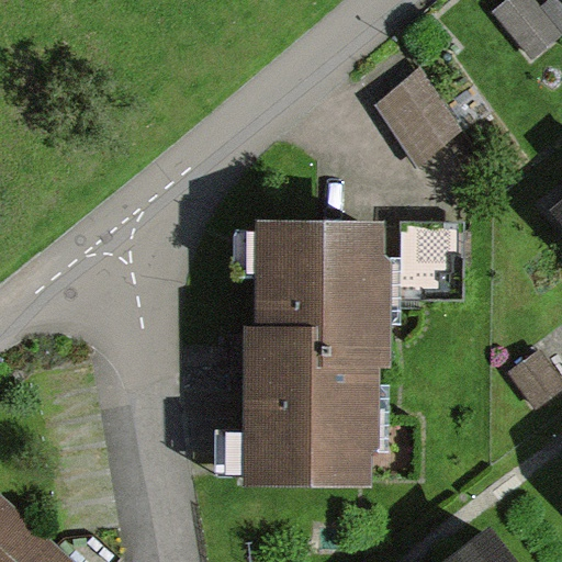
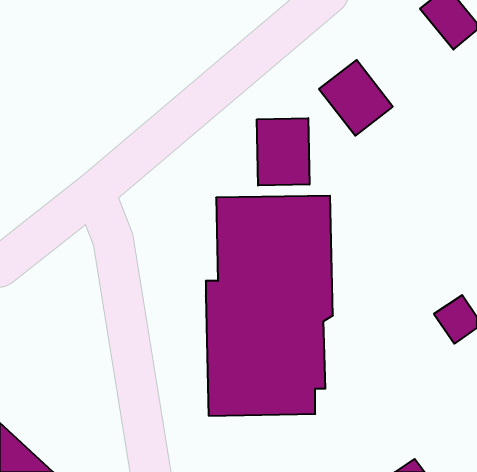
building: none -> [257,118,309,186]

